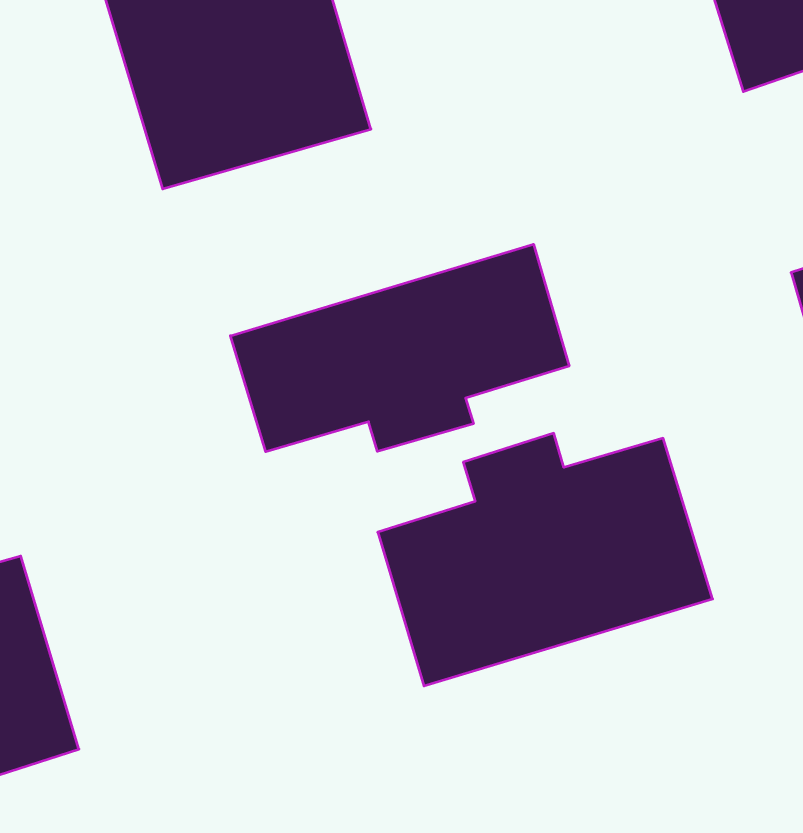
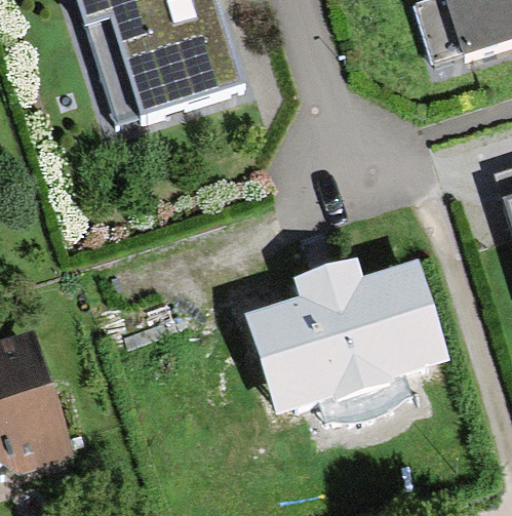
building: [230,244,569,452] -> none

